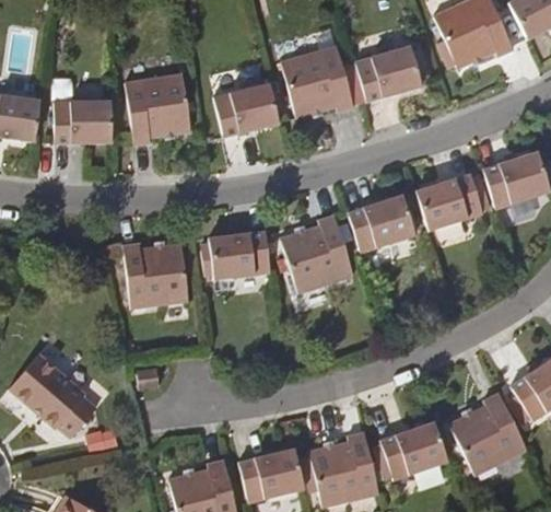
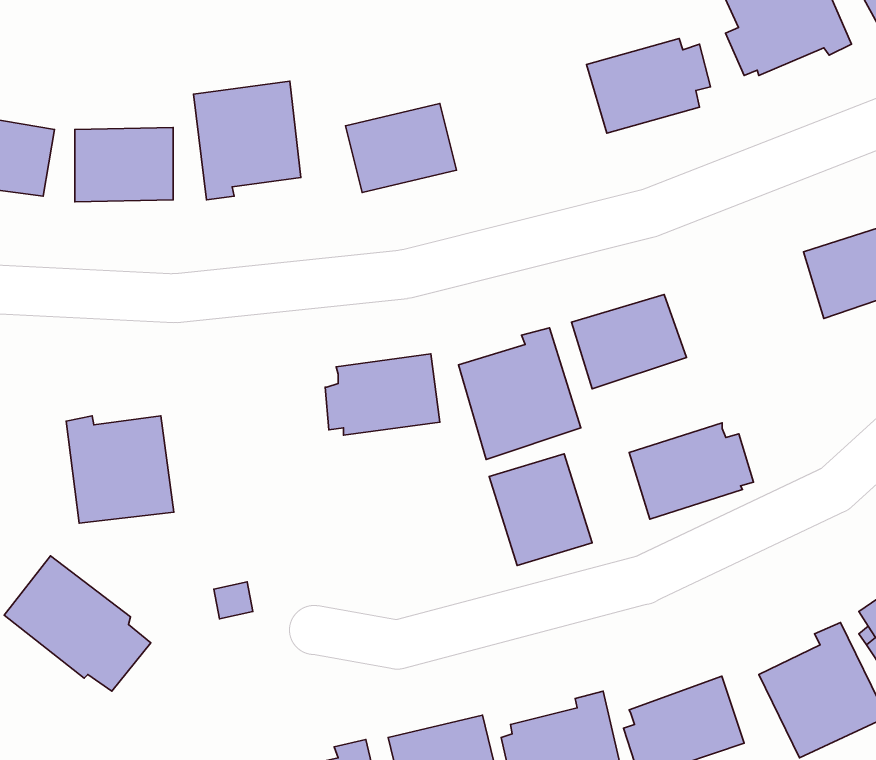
building: [280,46,353,117] -> none
building: [415,176,489,233] -> [629,423,754,519]
building: [122,245,186,309] -> [66,416,174,523]
building: none -> [489,454,592,566]

